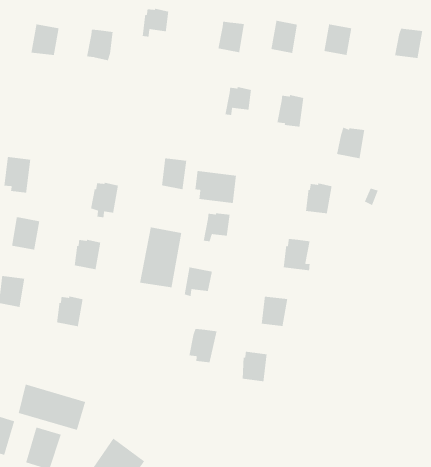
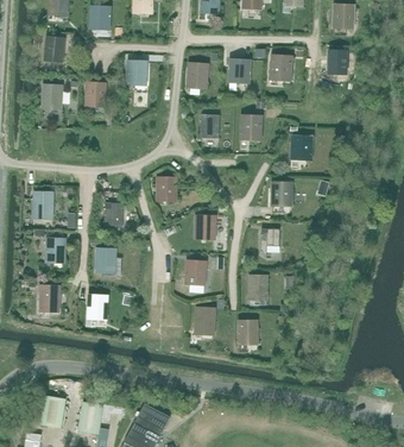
building: [194,170,237,204] -> none
building: [139,227,182,288] -> none
building: [18,383,86,431] -> none

